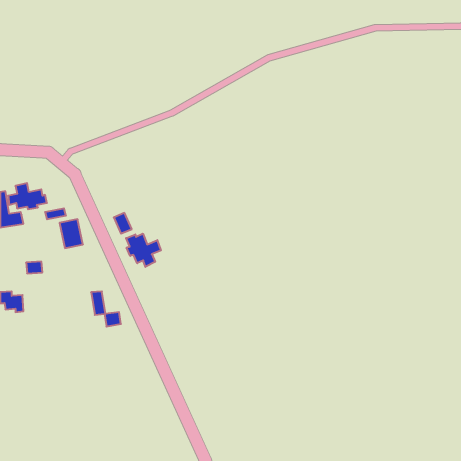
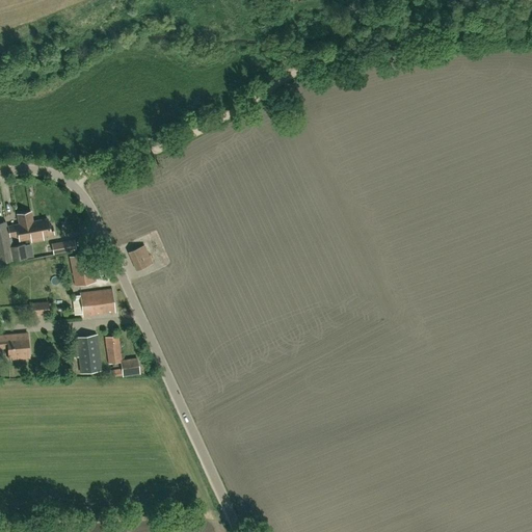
building: [126,234,161,267] -> none
building: none -> [80,288,115,316]
building: none -> [76,335,101,372]

